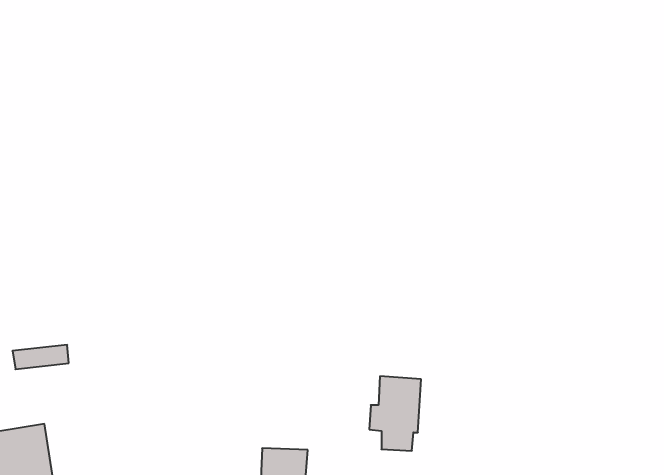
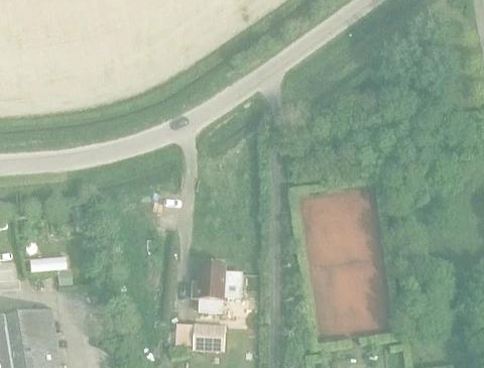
building: [369,376,421,451] -> [191,261,225,311]

